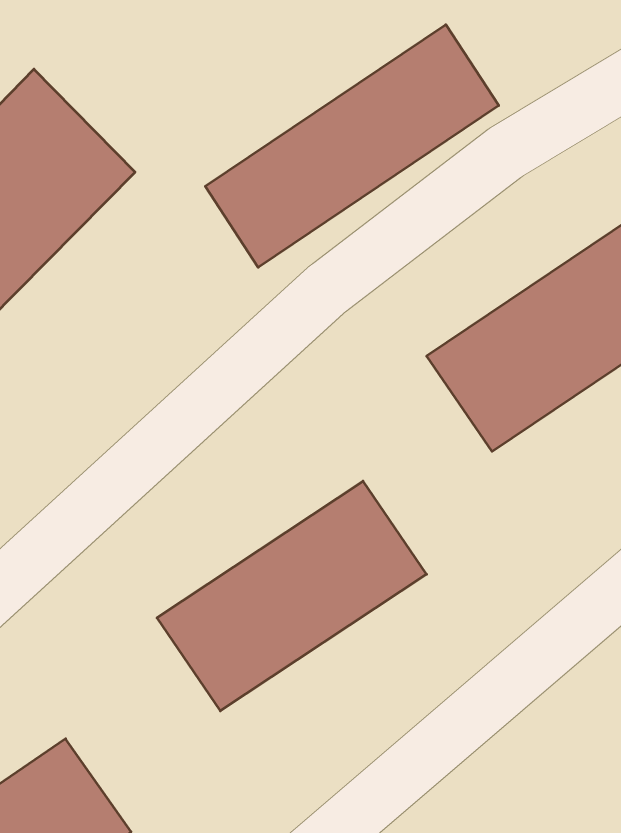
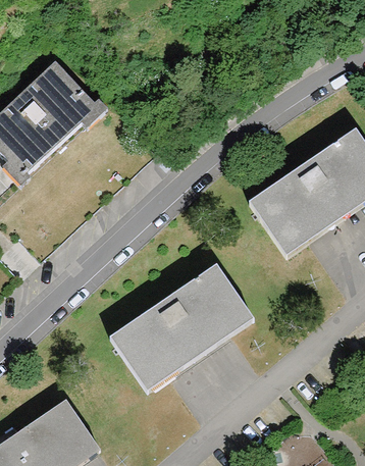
building: [205,25,499,267] -> none

